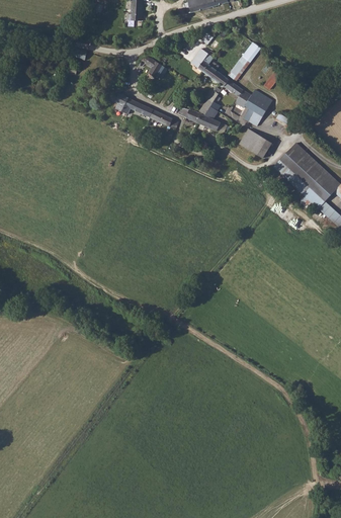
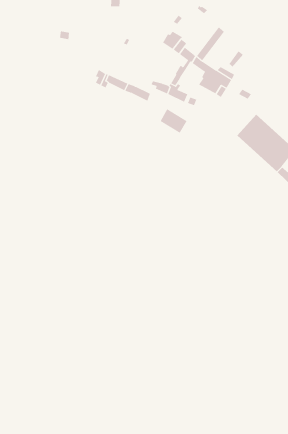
building: [240,128,271,157] -> [160,109,187,134]

